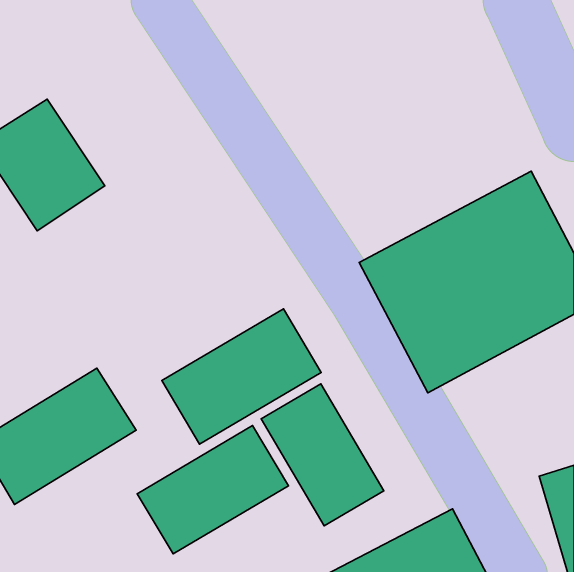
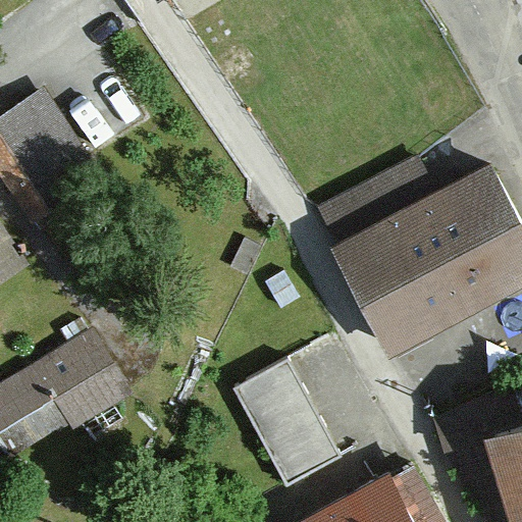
building: [162,309,321,444] -> none
building: [137,426,288,554] -> none

